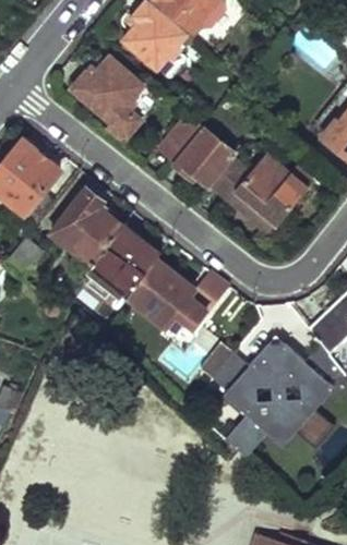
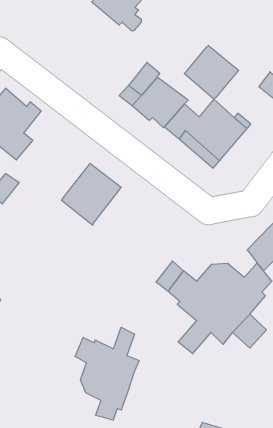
building: [73,58,144,138] -> none
building: none -> [184,45,239,99]
building: [52,189,122,268] -> none
building: [127,259,230,329] -> none
building: none -> [75,327,139,420]

